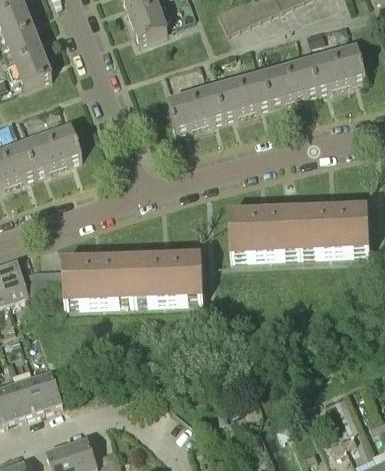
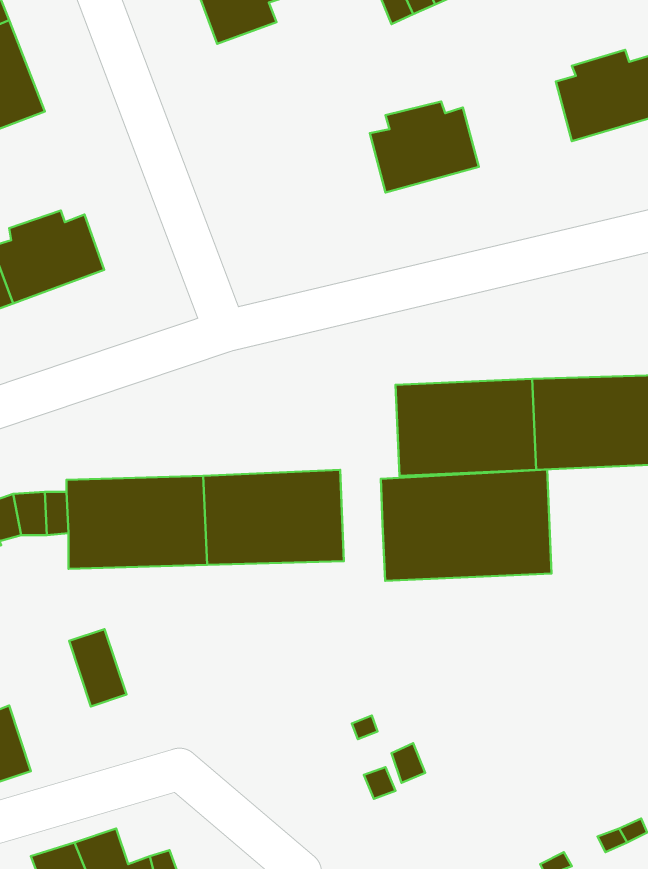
building: [263,56,318,102] -> none
building: [168,83,224,129] -> none
building: none -> [381,469,552,581]
building: [34,368,63,407] -> [69,629,126,706]

